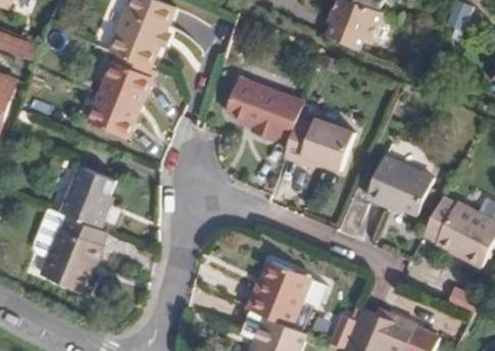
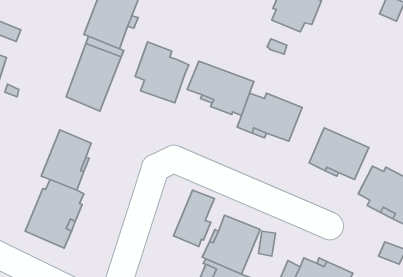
building: none -> [135,42,189,103]
building: none -> [173,190,215,247]

